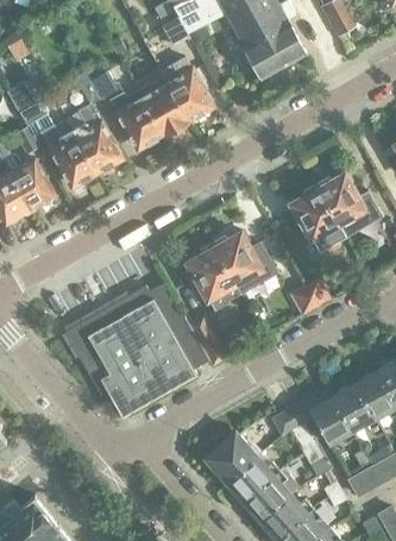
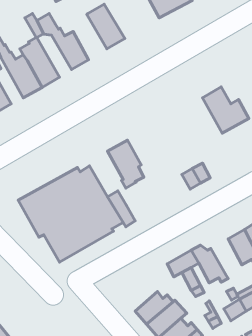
building: [133,69,188,137] -> none
building: [291,188,344,253] -> none
building: [215,232,264,281] -> none
building: [331,383,377,432] -> none
building: [208,430,257,483] -> none

